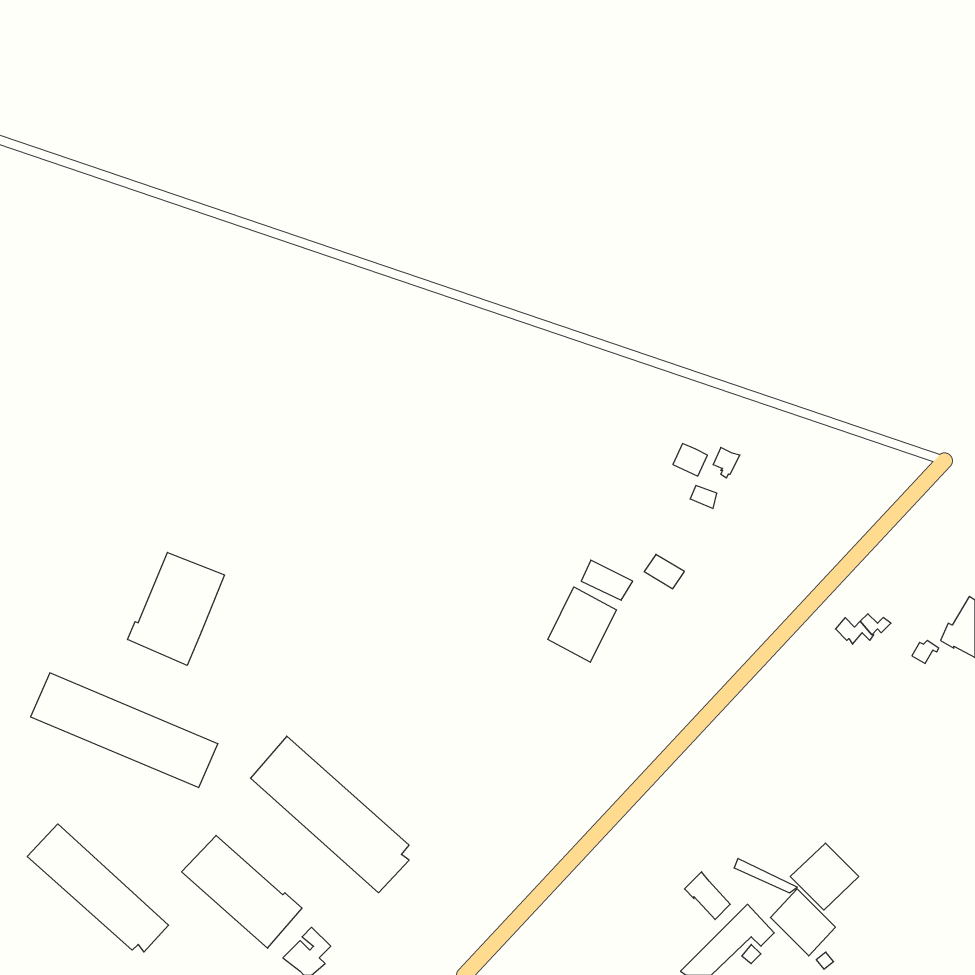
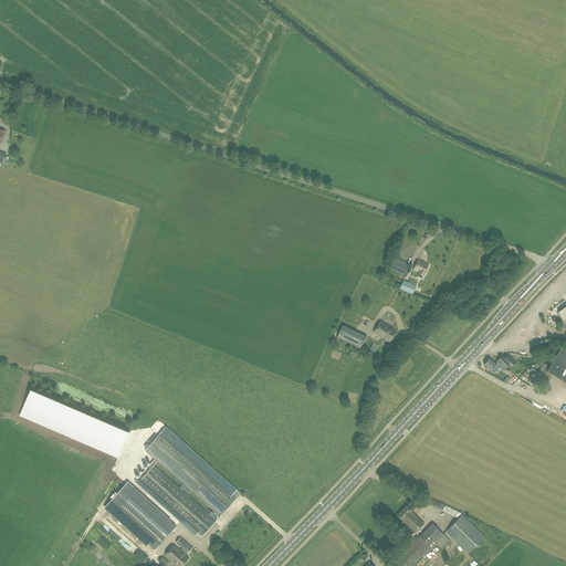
building: [128,552,225,665] -> none
building: [548,587,616,662] -> none
building: [27,824,169,952] -> [134,462,216,536]
building: [790,843,859,910] -> none

